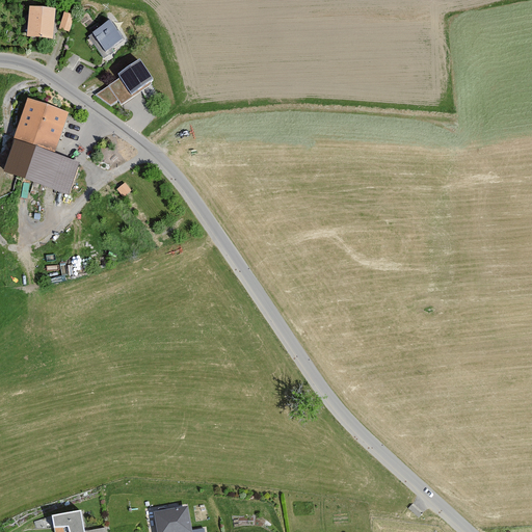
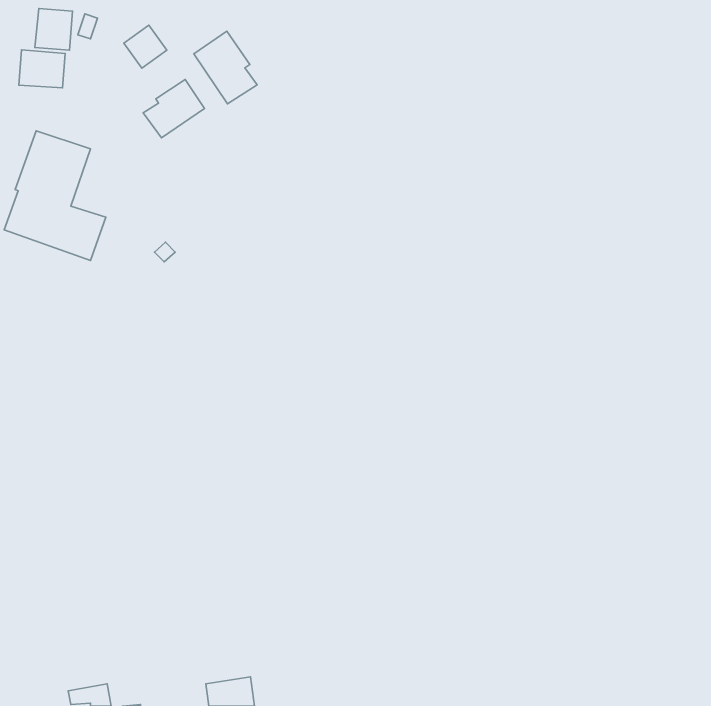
building: none -> [194,31,257,104]
building: none -> [19,50,65,88]

